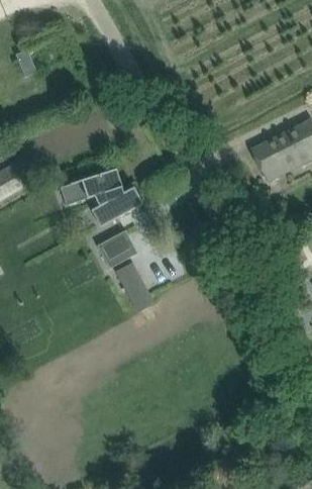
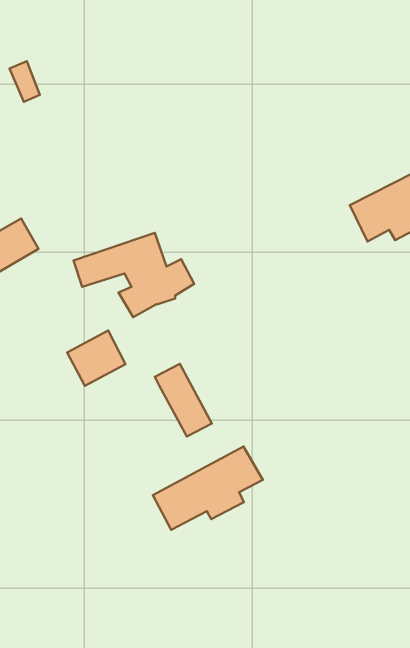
building: [97,229,137,268] -> [67,331,125,386]
building: none -> [153,446,263,530]

